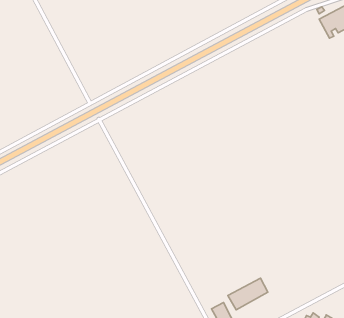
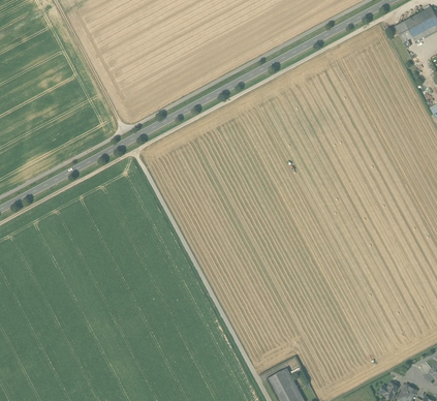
building: [228,278,268,310] -> none

